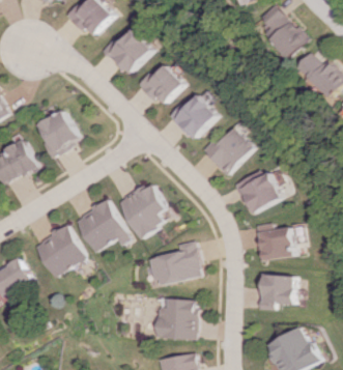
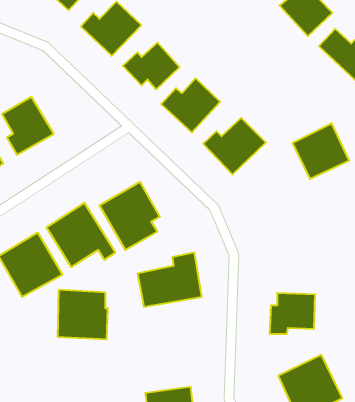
building: [237,168,285,215] -> [293,123,349,179]
building: [257,223,299,261] -> none
building: [153,298,196,340] -> [57,290,108,339]

